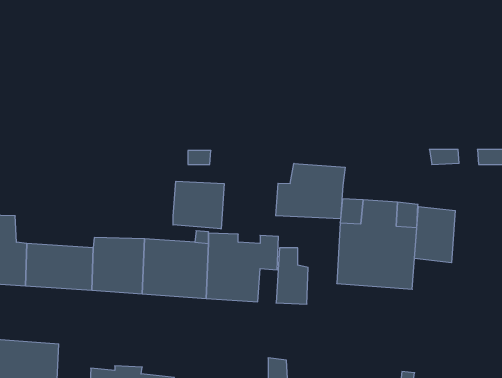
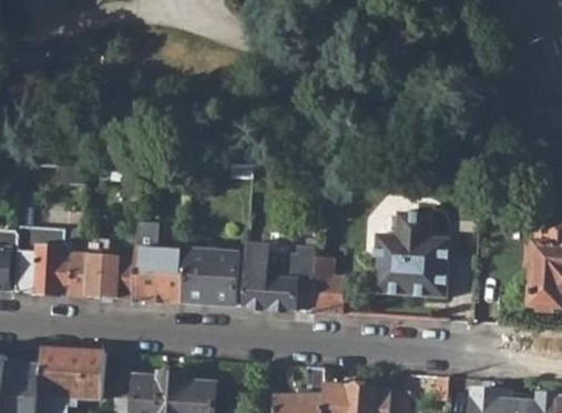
building: [276,163,345,219] -> none
building: [173,181,224,229] -> none
building: [414,206,455,263] -> none

